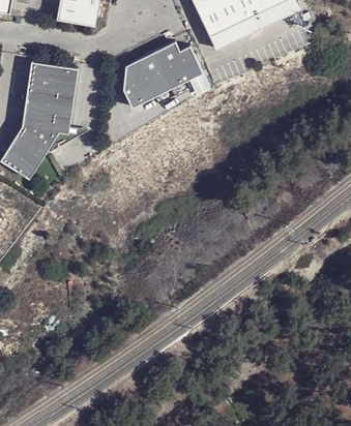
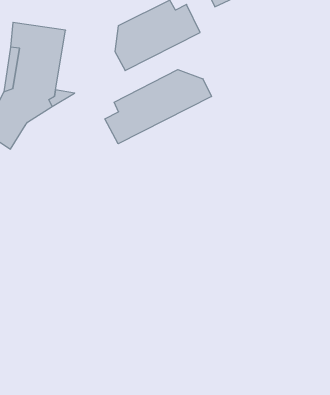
building: none -> [105,70,211,144]

